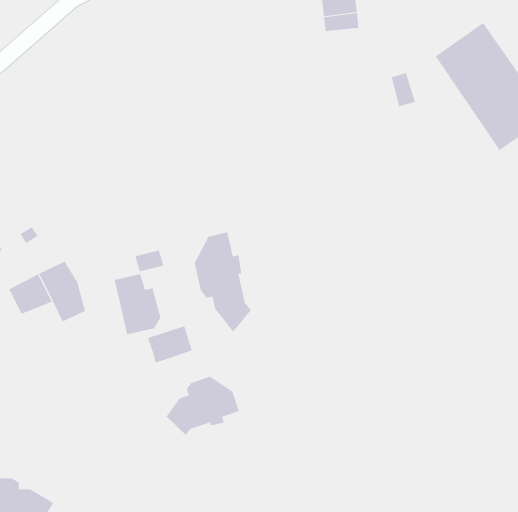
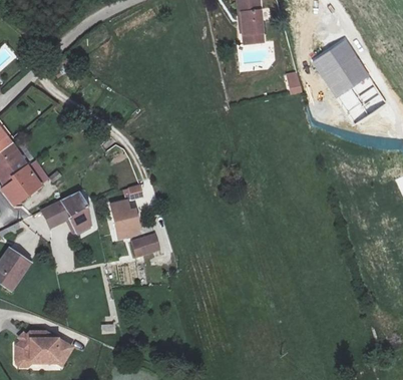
building: [194,232,251,332] -> none
building: [166,376,240,436] -> none

